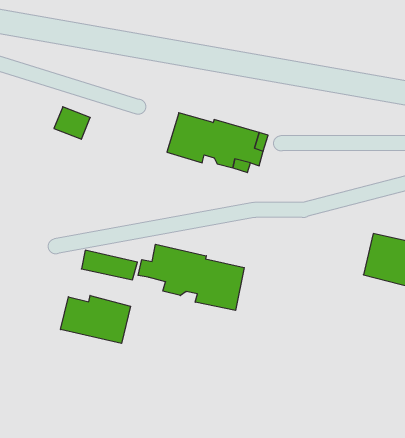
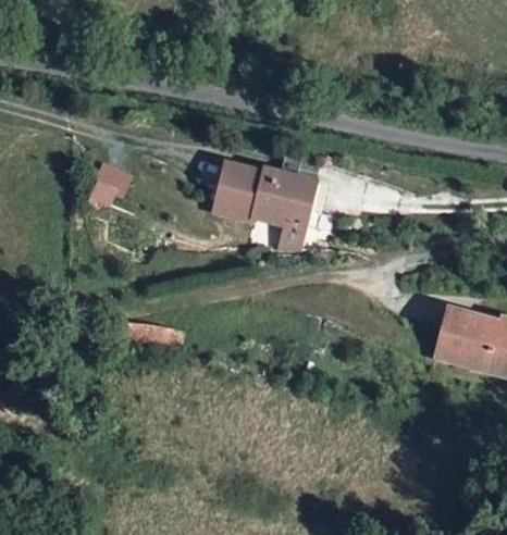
building: [138,244,244,310] -> none
building: [61,295,130,343] -> none

